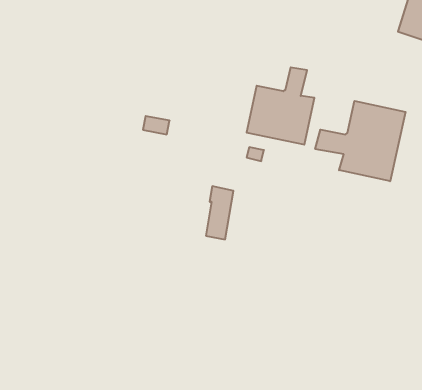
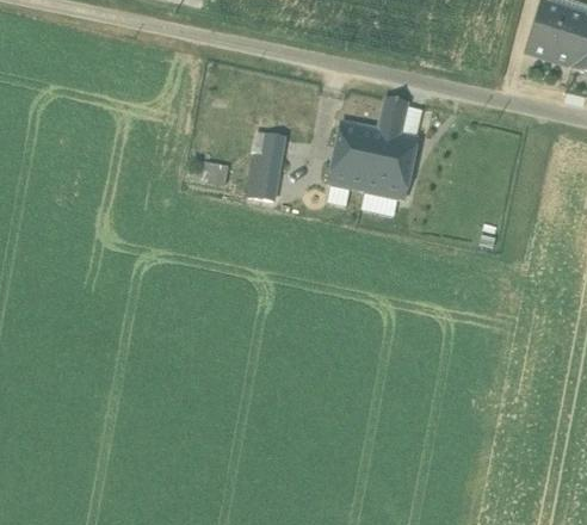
building: [315,101,406,181] -> none
building: [206,186,233,239] -> [249,130,285,199]

